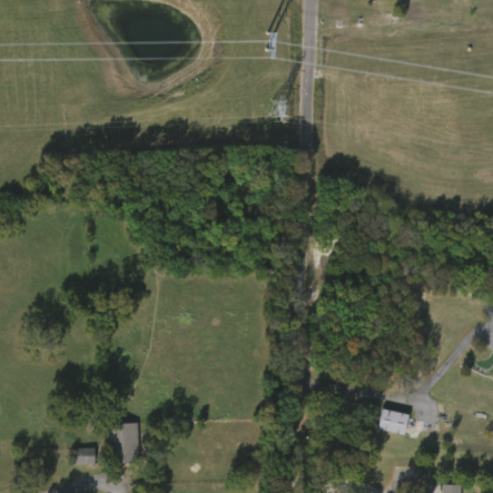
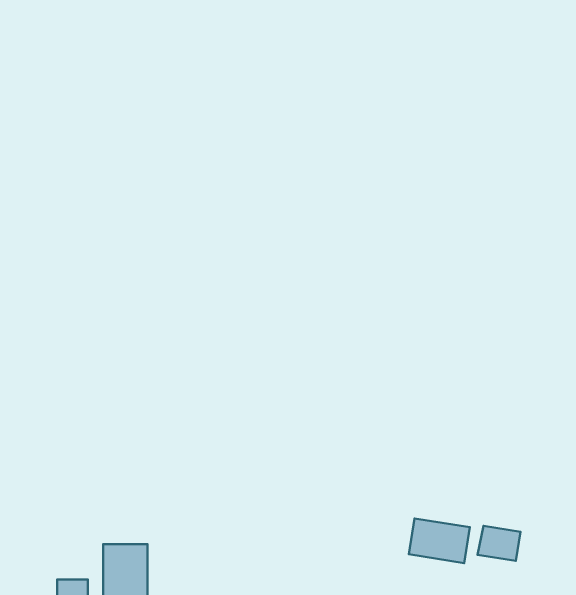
building: none -> [409,519,470,563]

